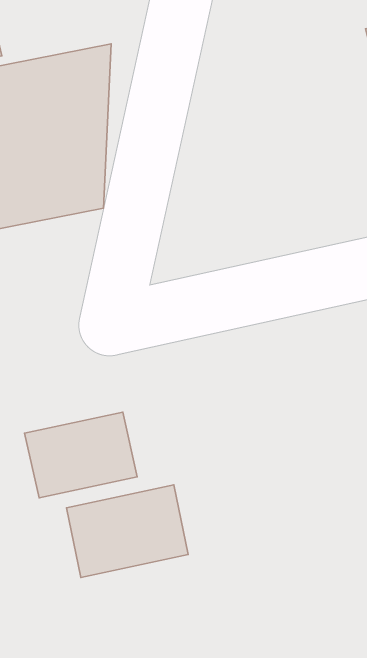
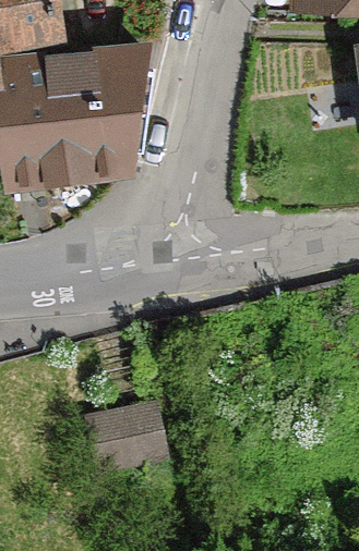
building: [25,412,137,498] -> none

